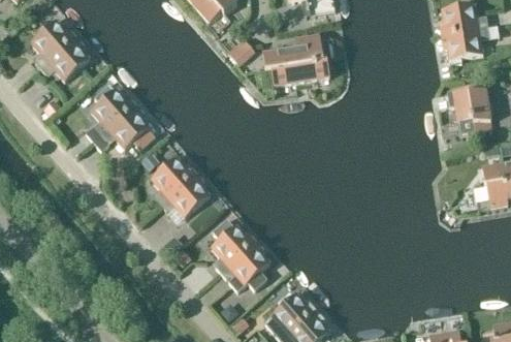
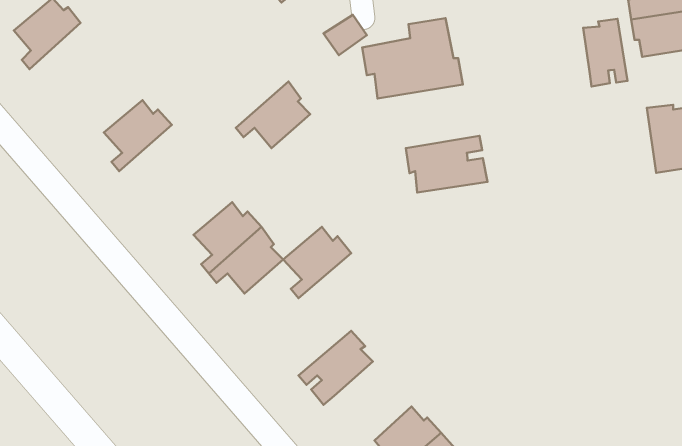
building: none -> [583,19,627,87]
building: [40,35,89,80] -> none
building: [100,103,150,148] -> [236,82,310,148]
building: none -> [406,136,487,192]
building: [210,223,255,271] -> [283,227,351,298]

